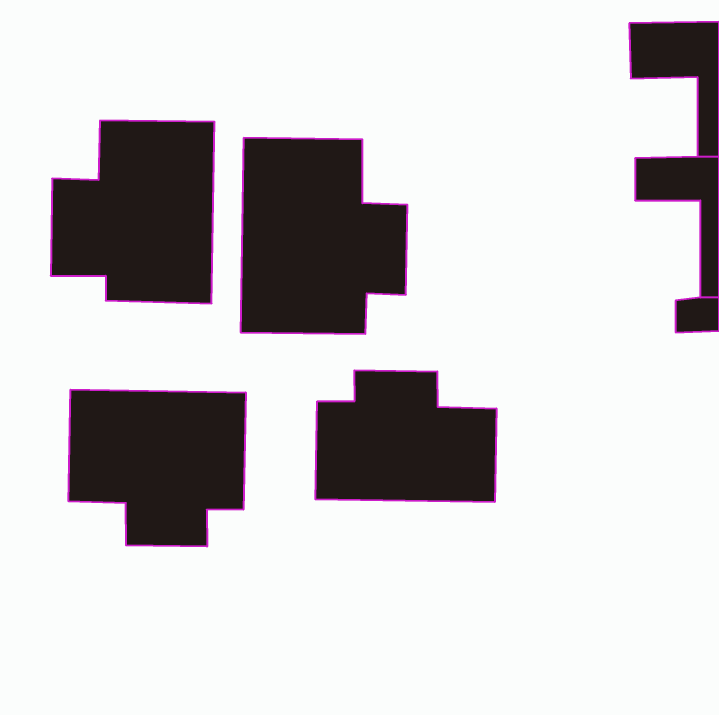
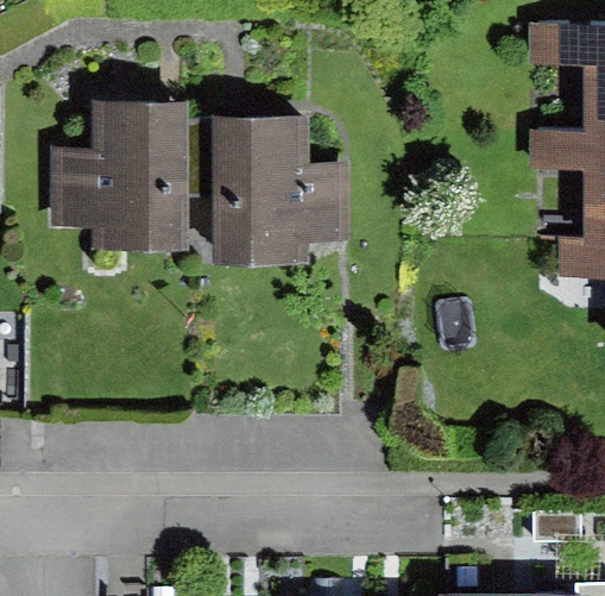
building: [315,370,496,502] -> none
building: [69,390,246,547] -> none

